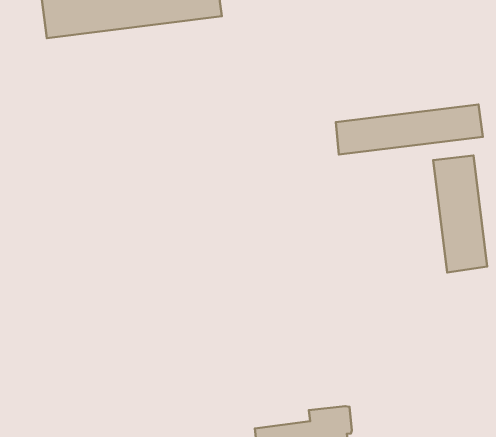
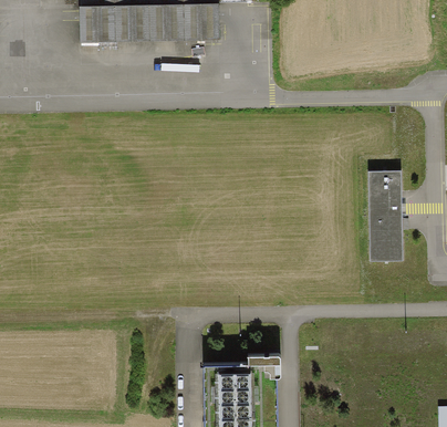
building: [336,105,483,154] -> none

